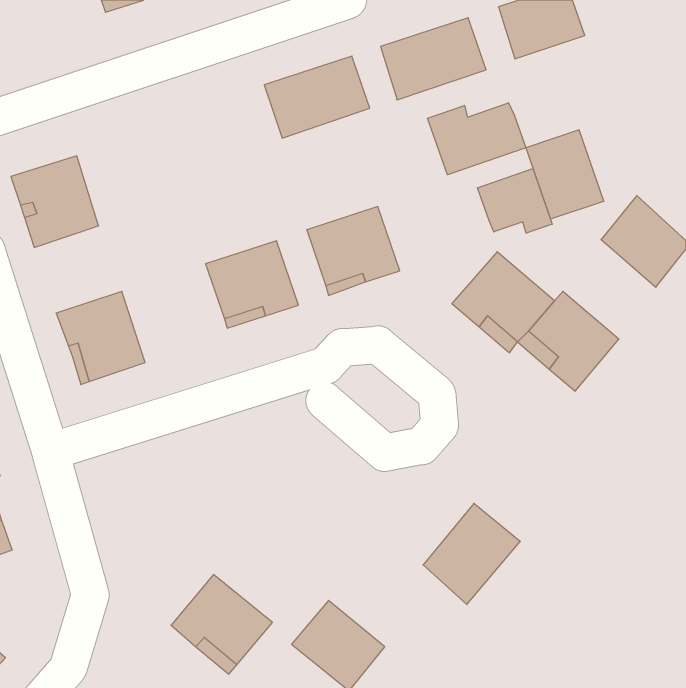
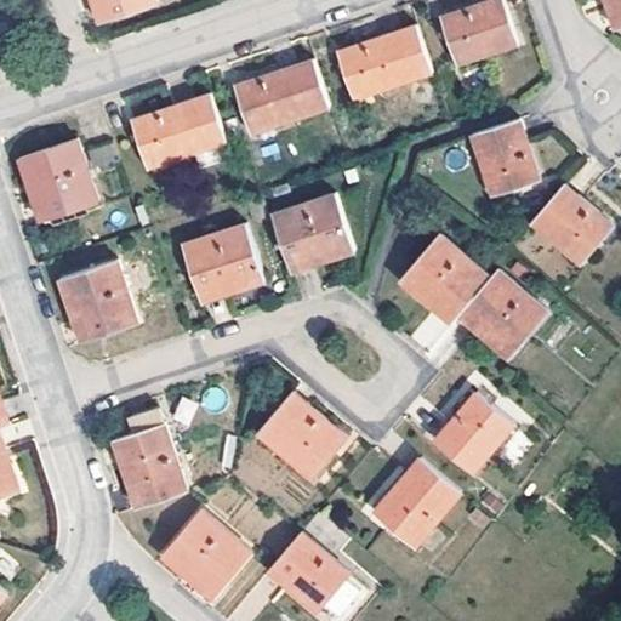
building: none -> [130,92,226,166]
building: [427,103,526,175] -> none
building: [477,169,552,233] -> none
building: none -> [434,389,515,472]
building: none -> [257,392,346,478]
building: none -> [112,408,184,508]

